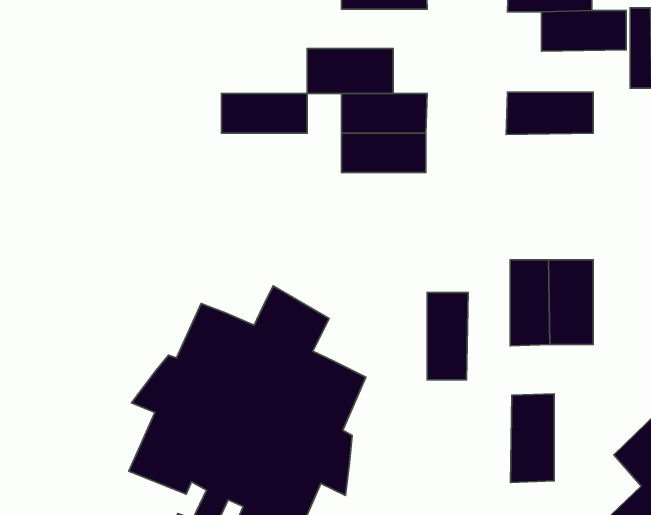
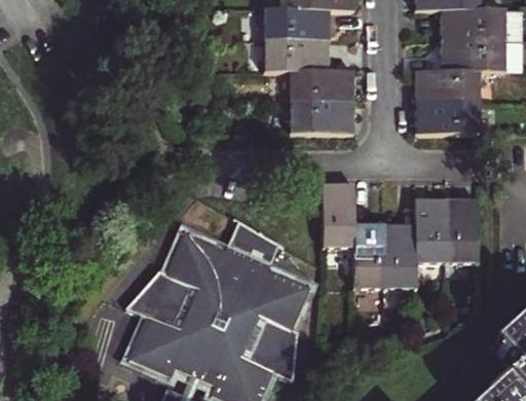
building: none -> [440,40,504,72]
building: [221,94,307,133] -> [264,9,329,39]
building: none -> [414,103,480,133]
building: none -> [324,184,354,247]
building: [510,394,554,482] -> [384,222,417,289]

